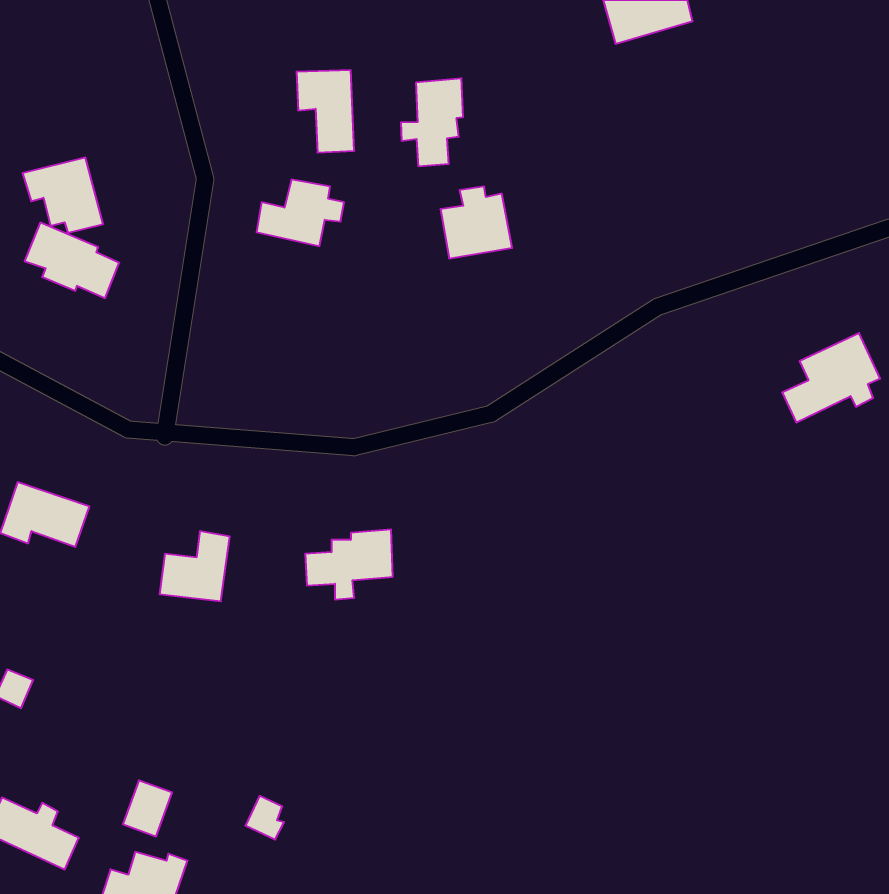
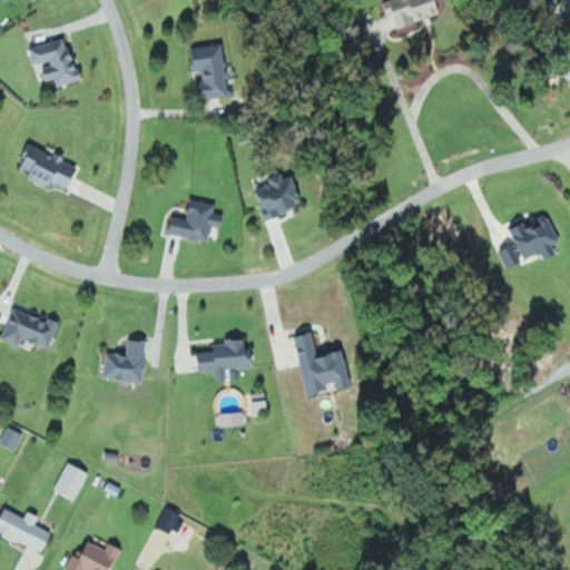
building: [401,78,463,166] -> none
building: [22,157,103,233] -> [27,38,78,86]
building: [256,180,344,246] -> [167,200,223,243]
building: [440,187,512,258] -> [254,173,299,218]
building: none -> [292,333,351,395]
building: [123,780,172,836] -> [53,463,85,499]

